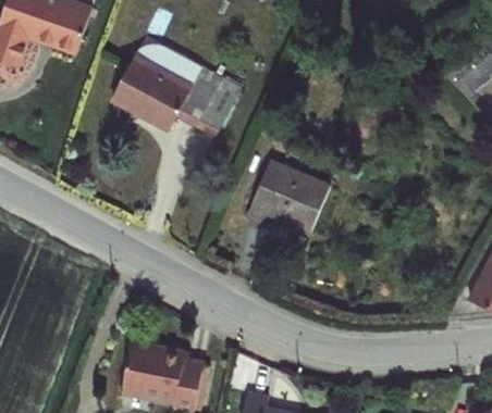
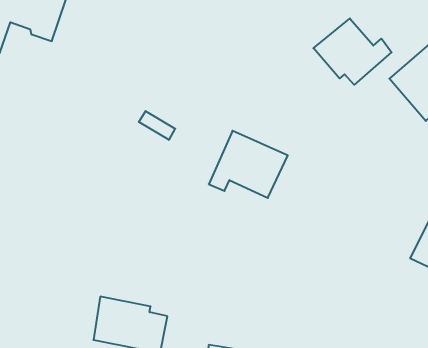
building: none -> [313,18,392,85]
building: [109,43,238,140] -> none

